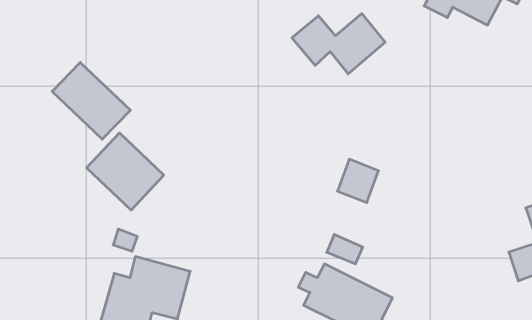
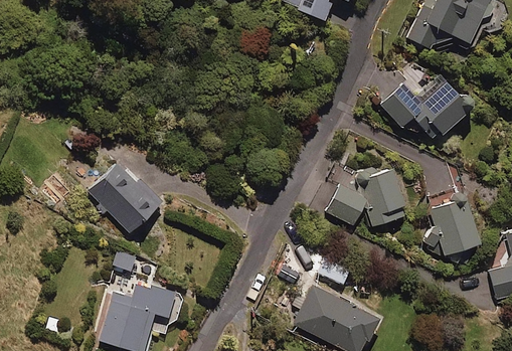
building: [292,14,385,74] -> [379,81,468,139]
building: [52,62,130,139] -> none
building: none -> [363,167,406,228]
building: none -> [425,190,480,255]

